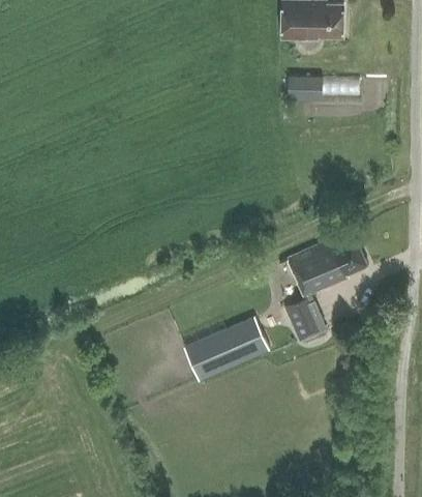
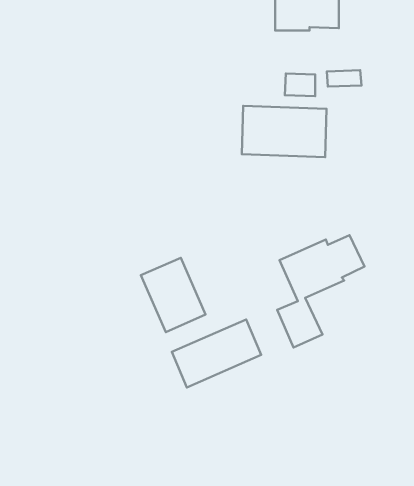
building: none -> [242,106,326,157]
building: none -> [141,258,205,332]

